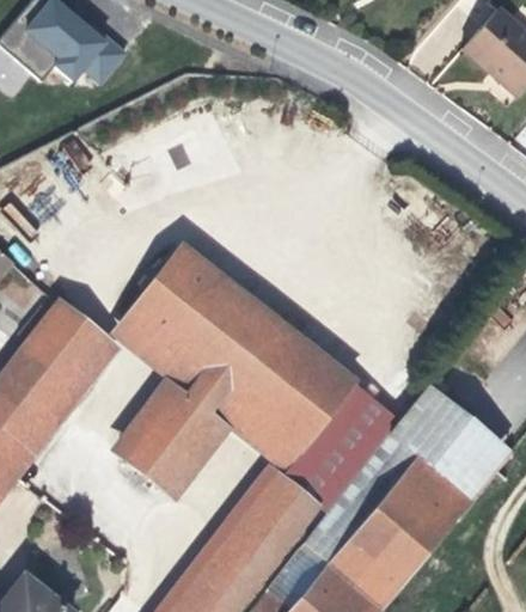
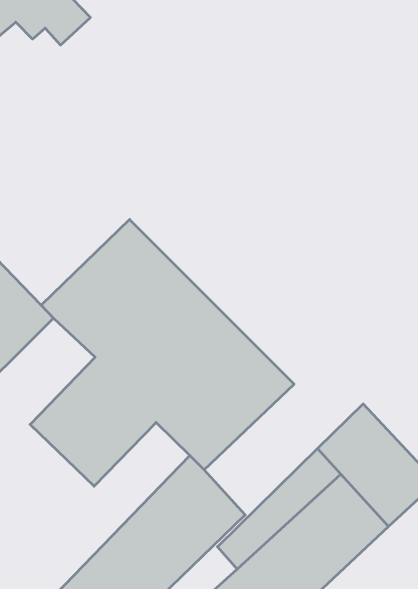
building: [283,380,398,510] -> none

